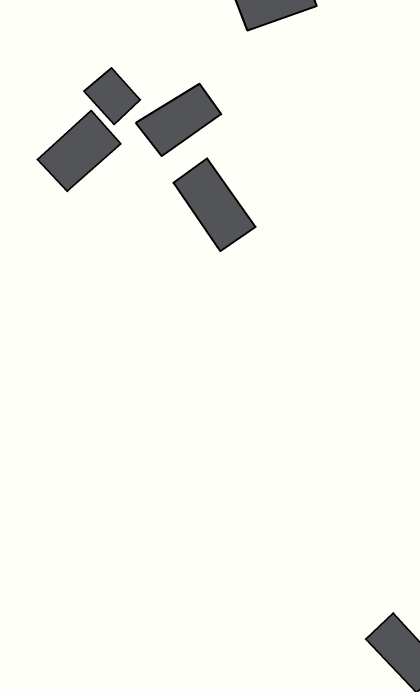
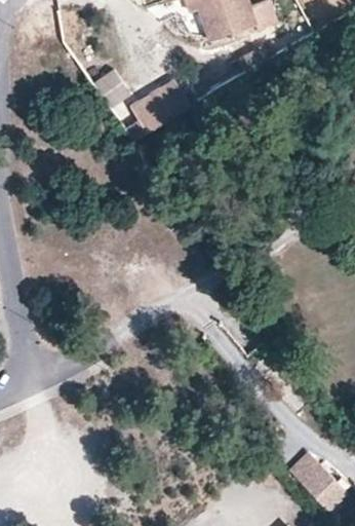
building: [37,111,121,191] -> none
building: [173,158,256,251] -> none

